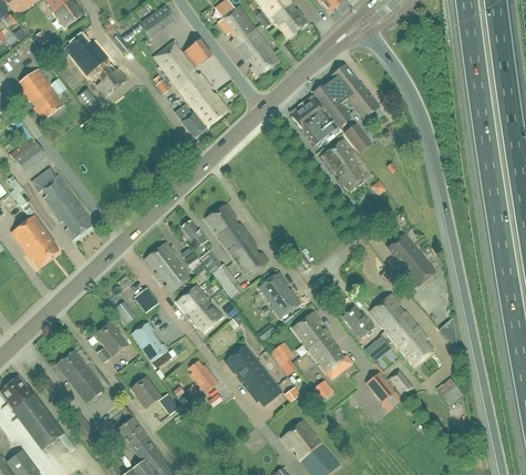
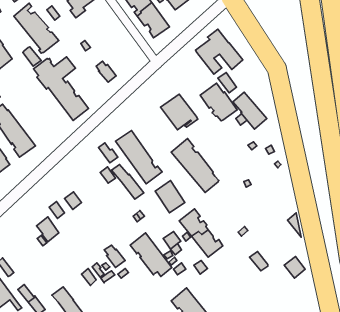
building: [154,40,229,127] -> [34,57,88,121]
building: [291,96,342,145] -> [161,94,198,130]
building: [389,235,435,286] -> [233,92,267,129]
building: [145,241,190,292] -> none
building: [176,285,224,332] -> none
building: [370,292,435,366] -> [171,138,219,192]
building: [343,306,375,338] -> none
building: [131,323,168,363] -> none
building: [58,351,104,402] -> none
building: [365,372,395,403] -> none
building: [132,376,162,409] -> none

